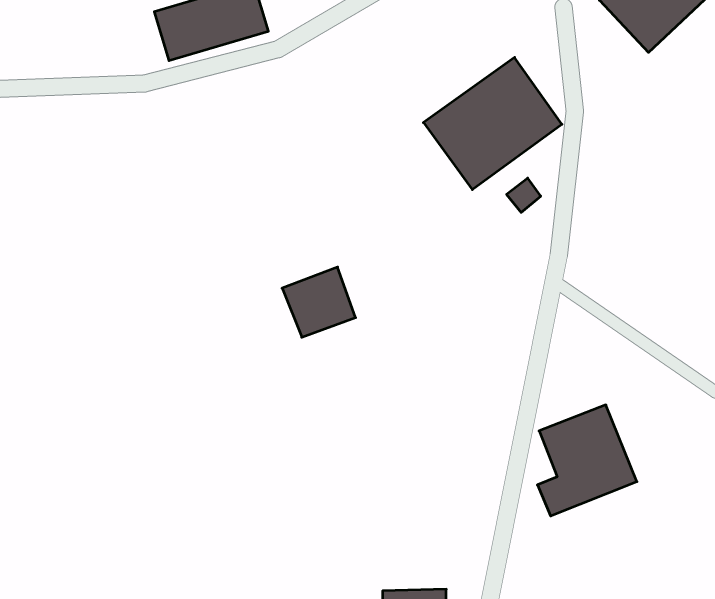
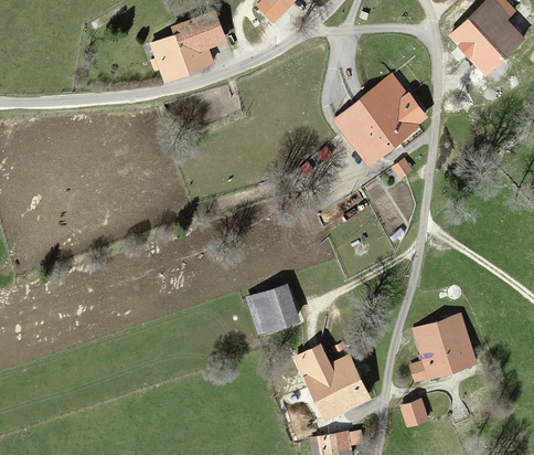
building: [282,267,356,337] -> [247,286,297,334]
building: none -> [291,341,371,421]
building: none -> [399,399,426,427]

